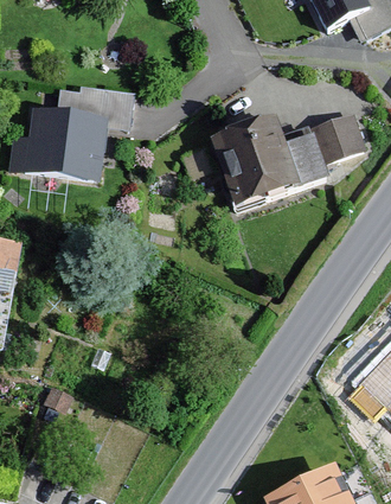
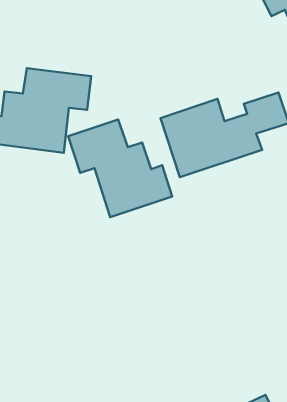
building: none -> [68,119,172,217]

